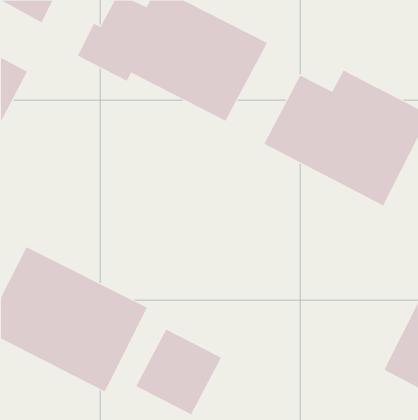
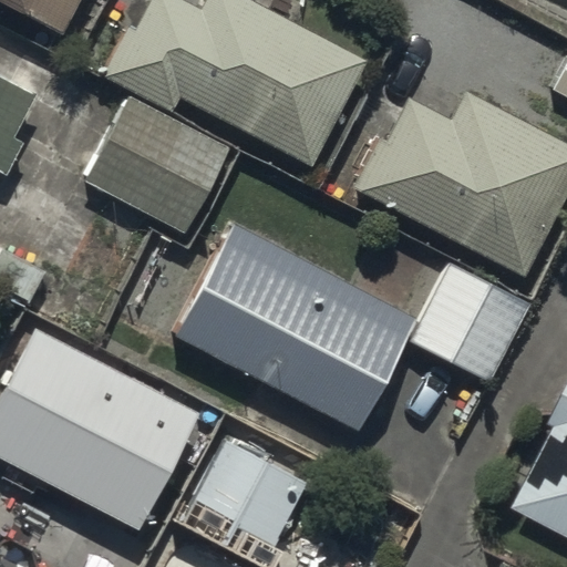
building: none -> [83,96,225,229]
building: none -> [177,223,413,426]
building: none -> [409,266,523,380]

